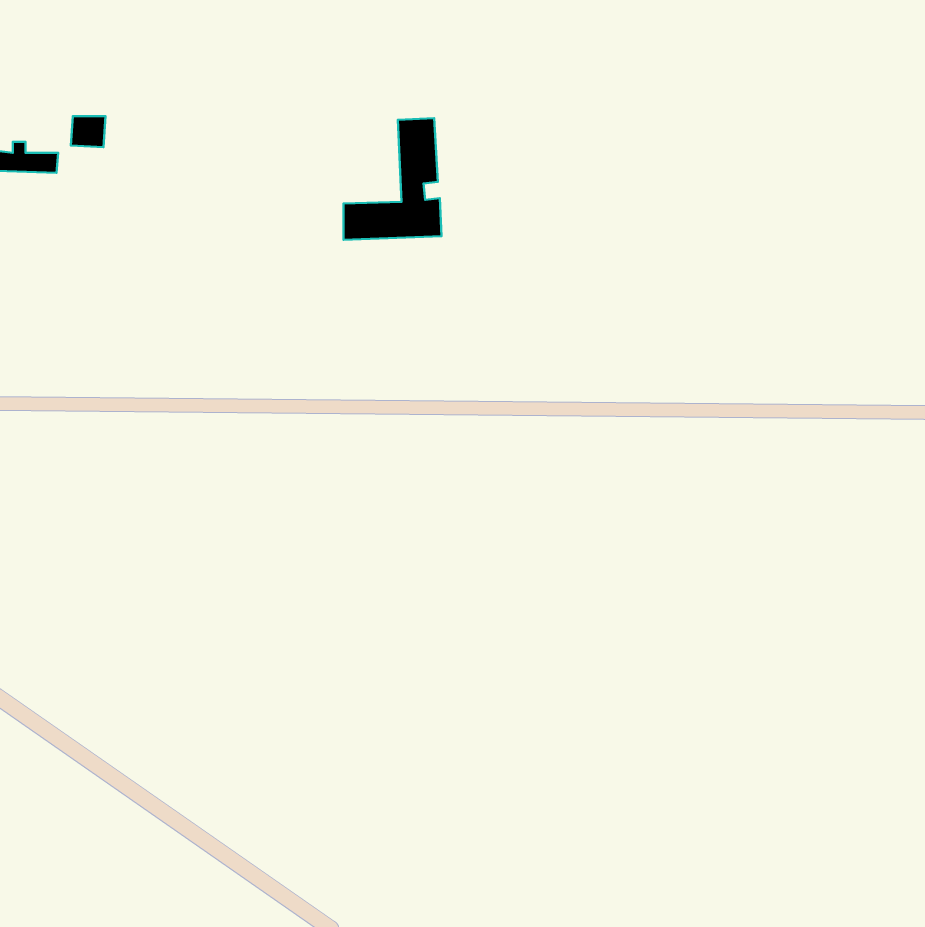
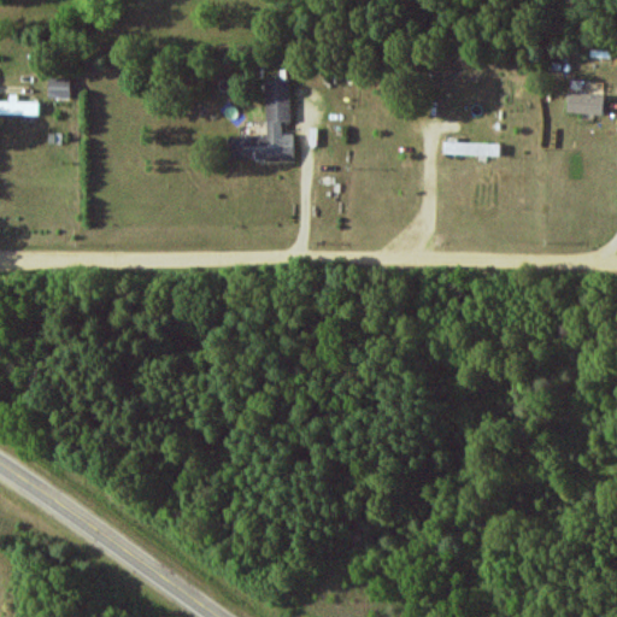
building: none -> [566,93,604,116]
building: none -> [443,137,500,155]

